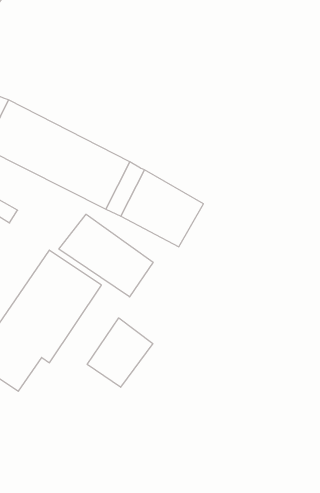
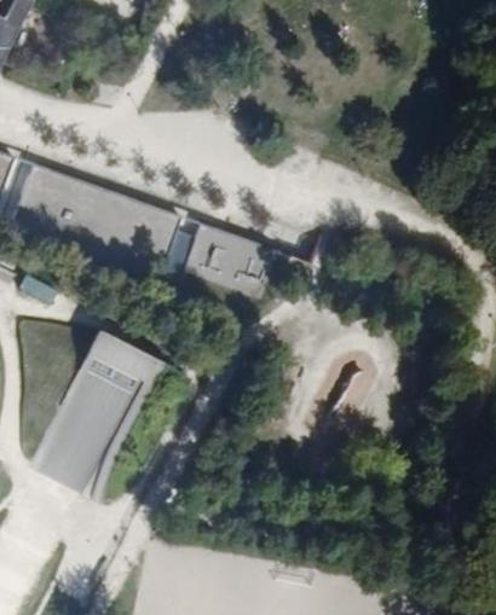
building: [59,214,153,297] -> none
building: [87,318,153,387] -> none

